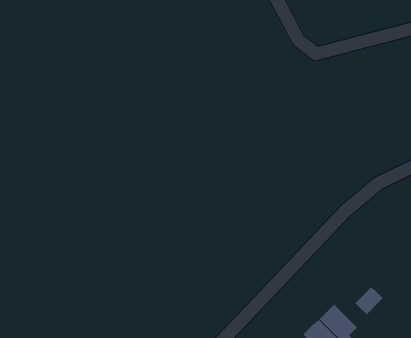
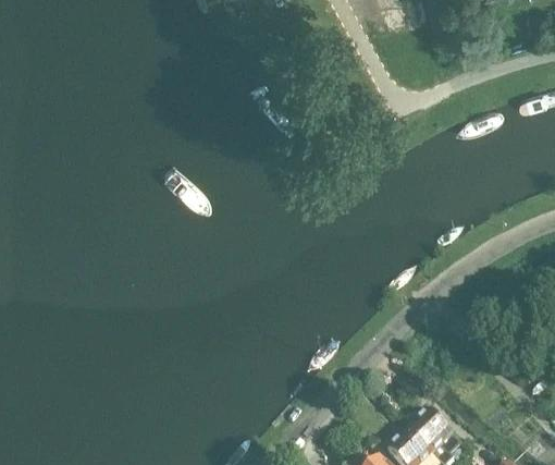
building: [355,287,383,315] -> none

